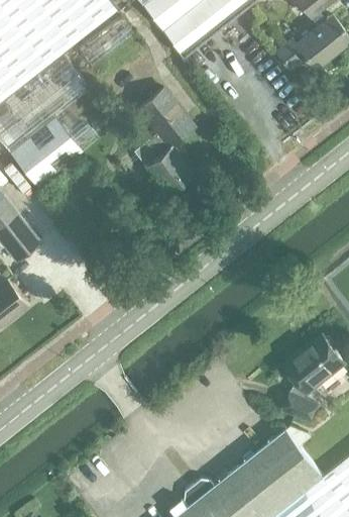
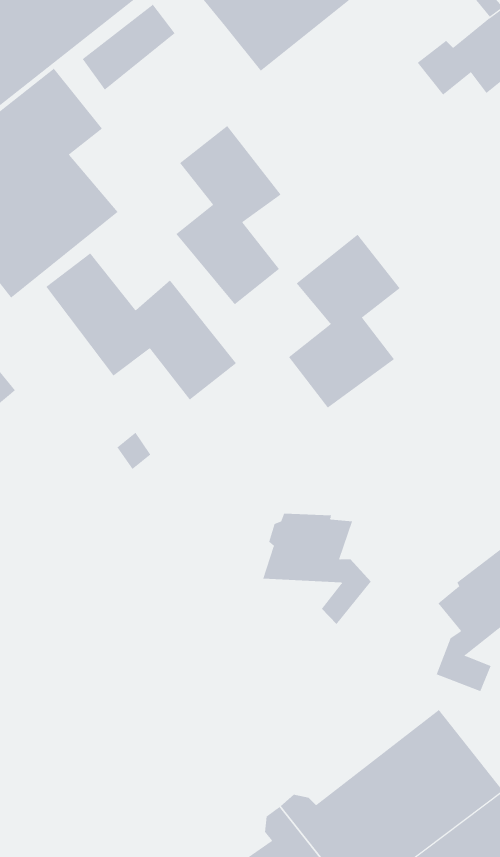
building: none -> [288,234,400,409]
building: none -> [46,253,237,401]
building: none -> [262,513,371,625]

